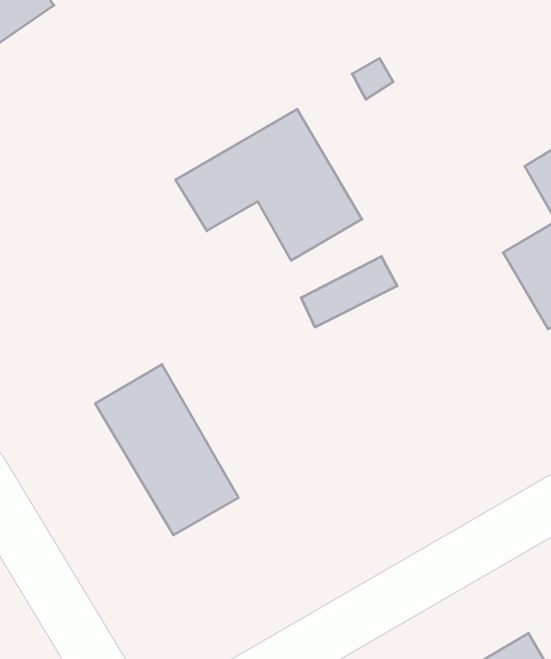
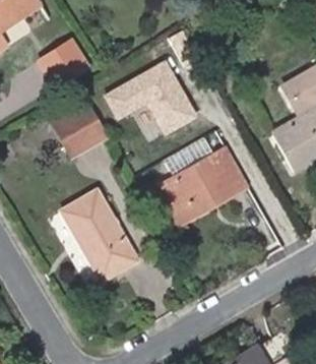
building: none -> [47,40,86,80]
building: none -> [55,102,107,154]
building: none -> [160,146,249,223]

